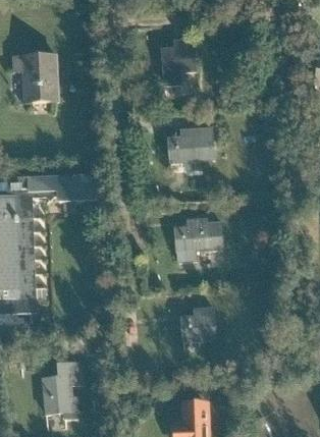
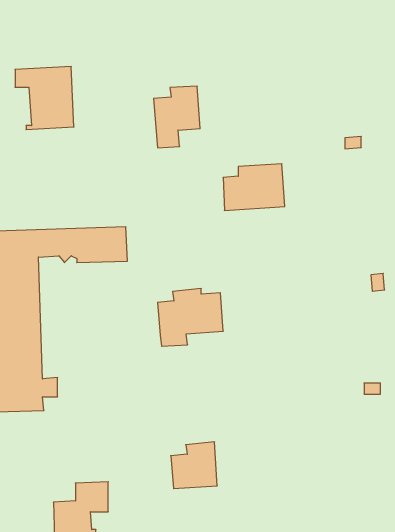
building: [161,40,196,86] -> [154,86,200,148]
building: [174,218,223,261] -> [158,289,223,346]
building: [180,308,215,342] -> [171,442,217,489]

